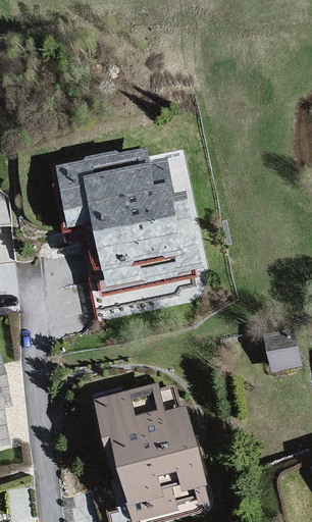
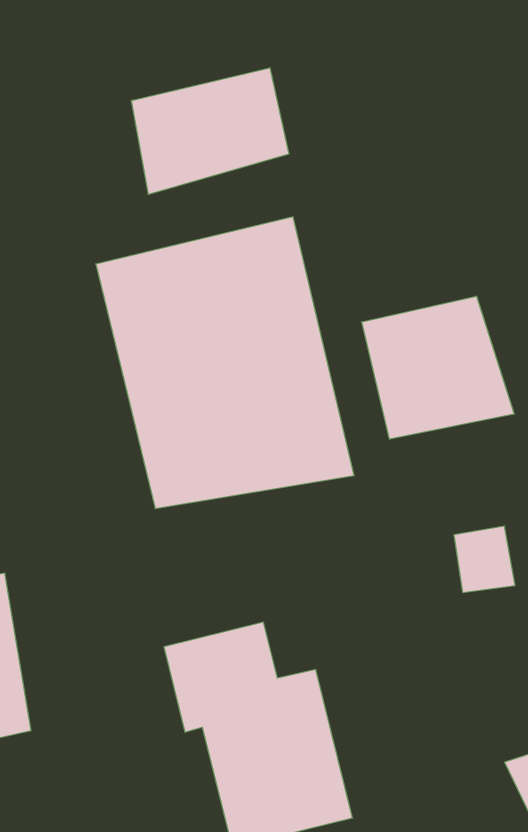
building: none -> [131,68,289,195]
building: none -> [362,296,514,439]

